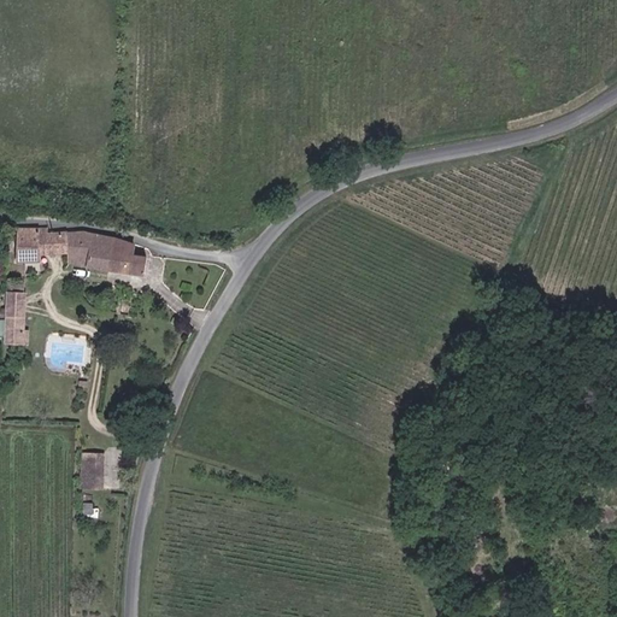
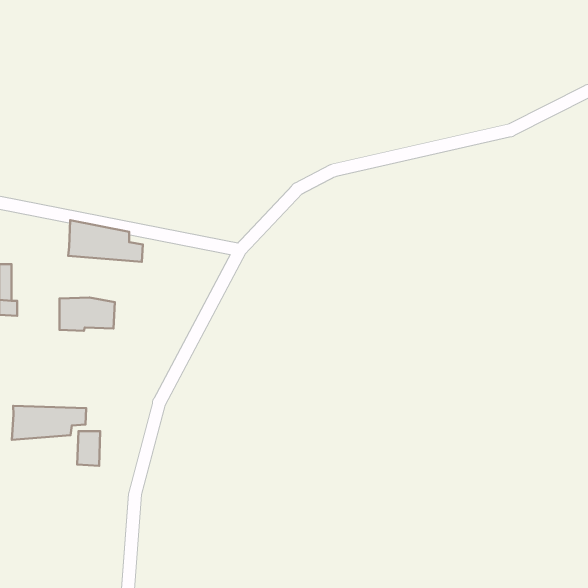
building: [16,227,74,262] -> [59,297,115,331]
building: none -> [12,406,86,440]

